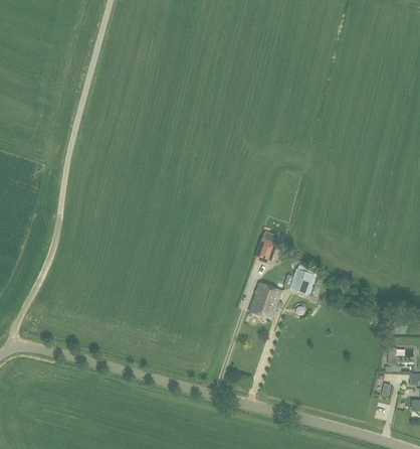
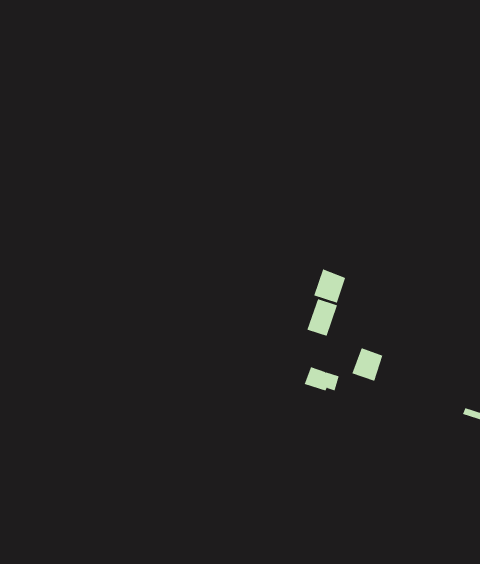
building: none -> [313,268,346,304]
building: [249,296,277,319] -> none

